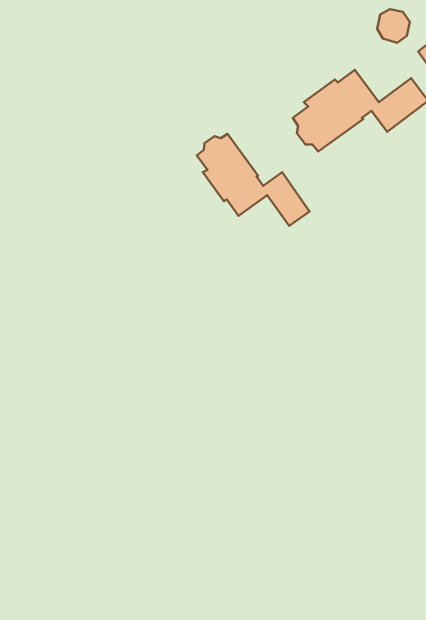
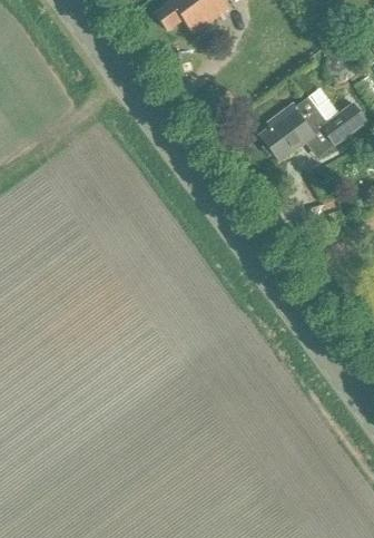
building: [197,134,309,226] -> none

